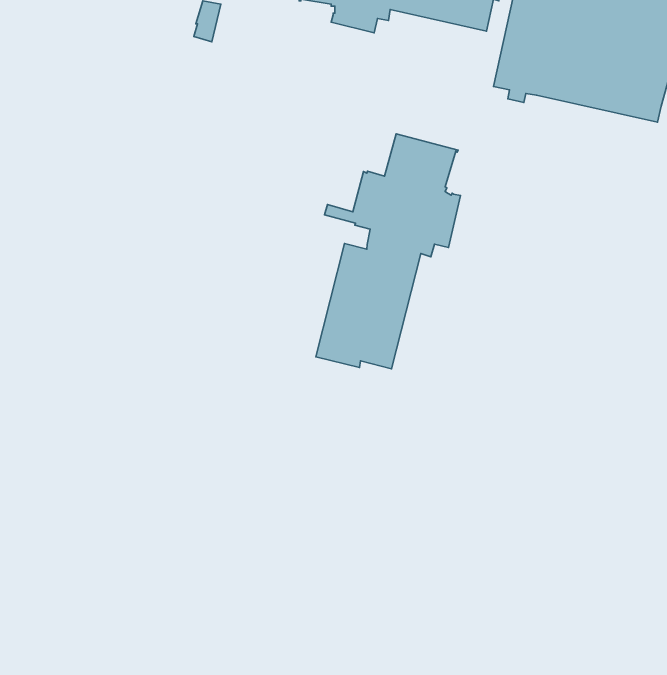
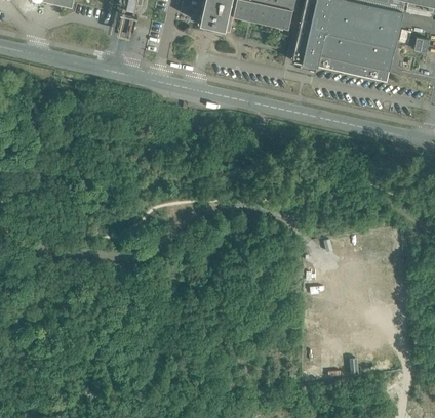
building: [316,134,461,369] -> none

